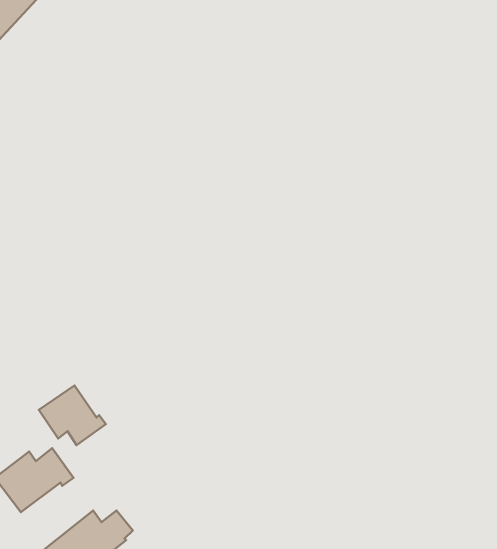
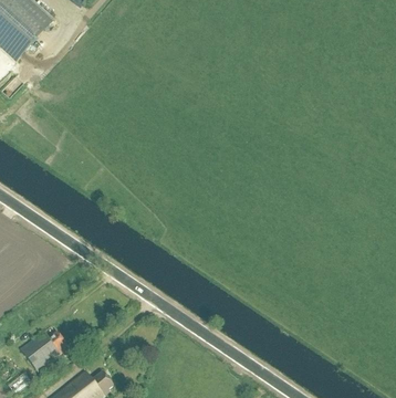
building: [39,385,106,445] -> none

